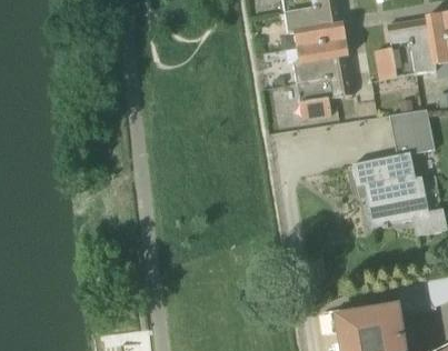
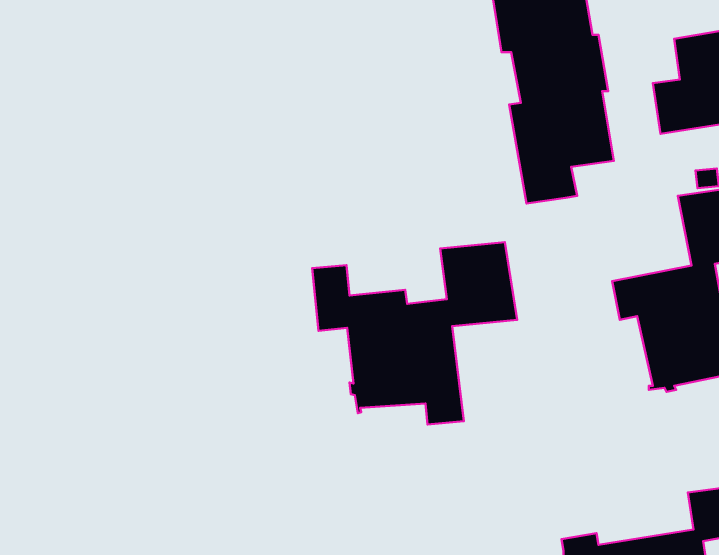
building: none -> [312,242,517,424]

